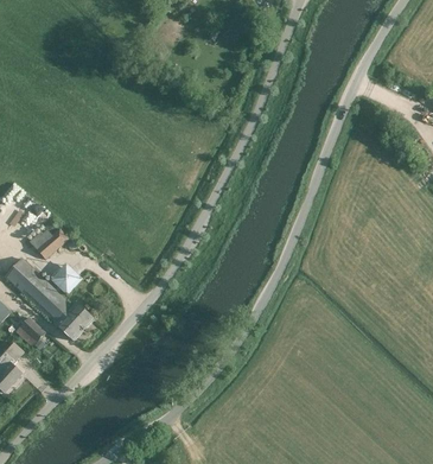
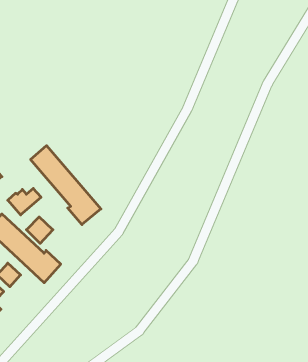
building: none -> [31,146,101,225]

